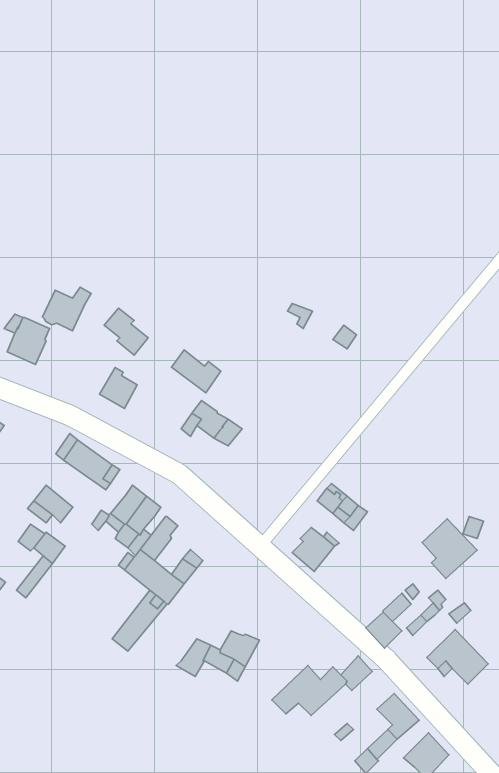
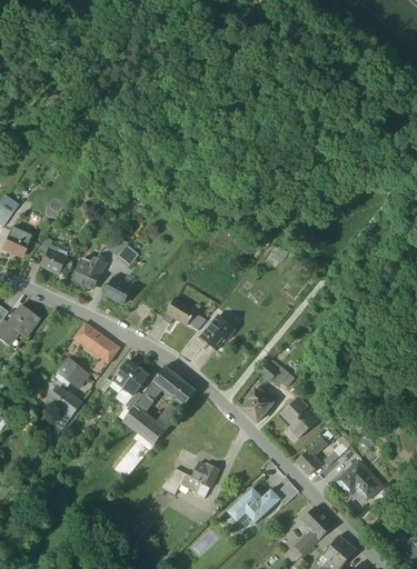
building: [43,287,91,331] -> [72,258,107,289]
building: [172,350,221,393] -> none
building: none -> [202,316,235,349]
building: none -> [153,366,197,406]
building: [422,519,477,578] -> [281,396,320,438]

